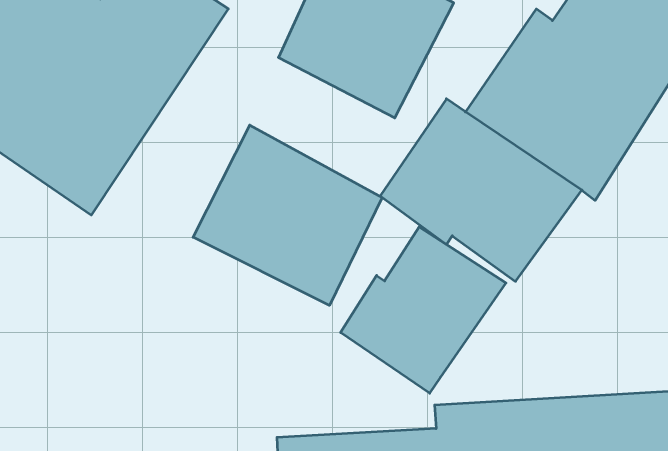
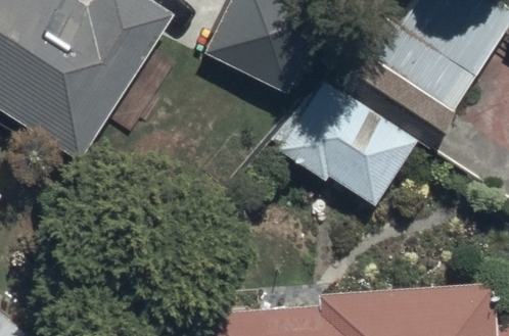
building: [193,125,382,305] -> none
building: [341,227,506,393] -> none

